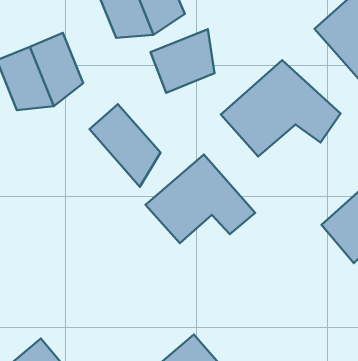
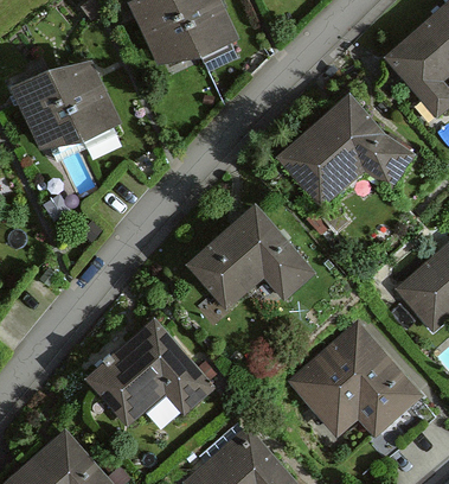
building: [150,29,214,93] -> none
building: [90,104,161,187] -> none
building: none -> [83,311,211,419]
building: none -> [288,314,422,431]

